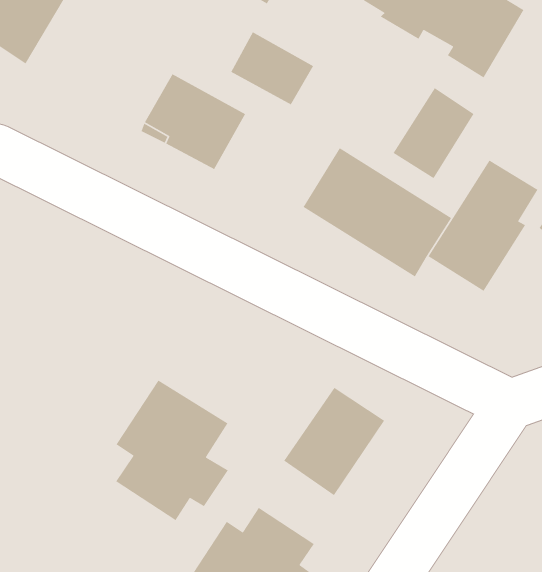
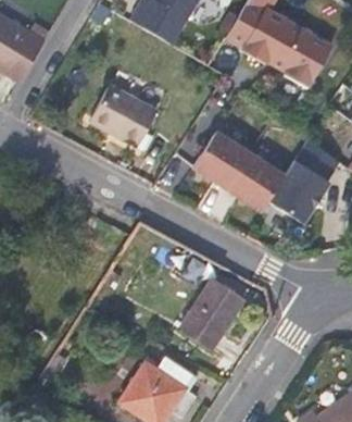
building: [230,31,314,106] -> none
building: [392,87,475,179] -> none
building: [115,379,229,521] -> none

